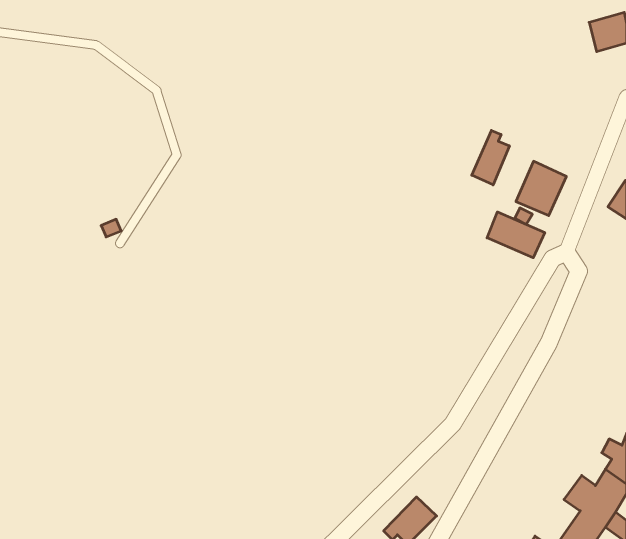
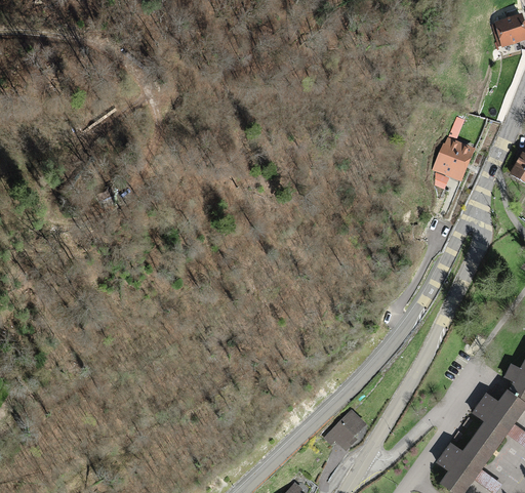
building: [472,130,509,185] -> none
building: [487,212,545,258] -> none

